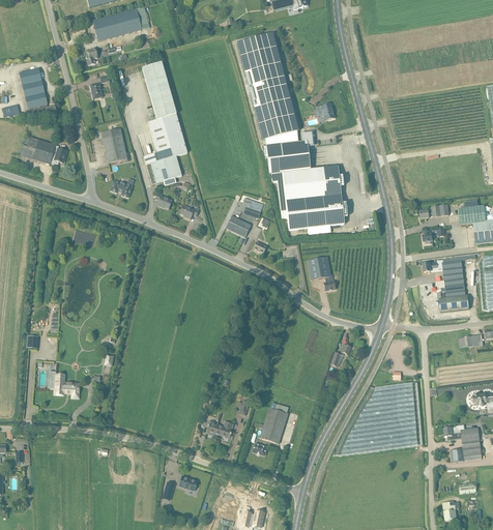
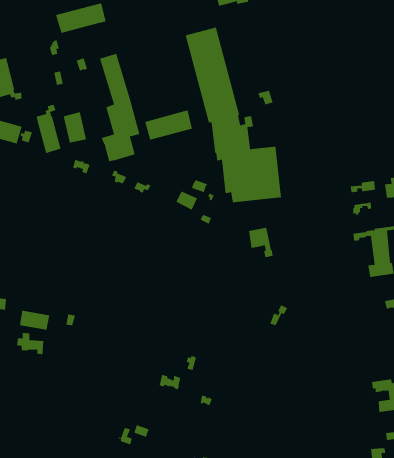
building: none -> [36,104,61,154]
building: none -> [145,110,192,140]
building: none -> [20,310,50,330]
building: [259,402,288,443] -> none

